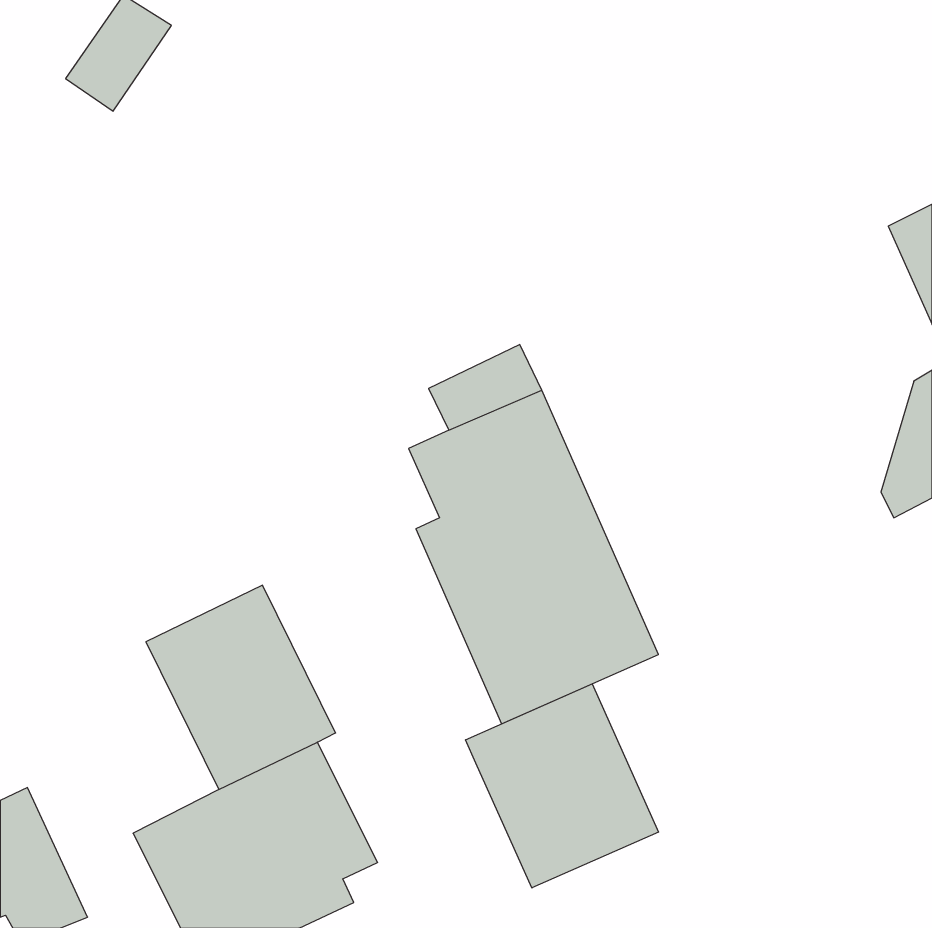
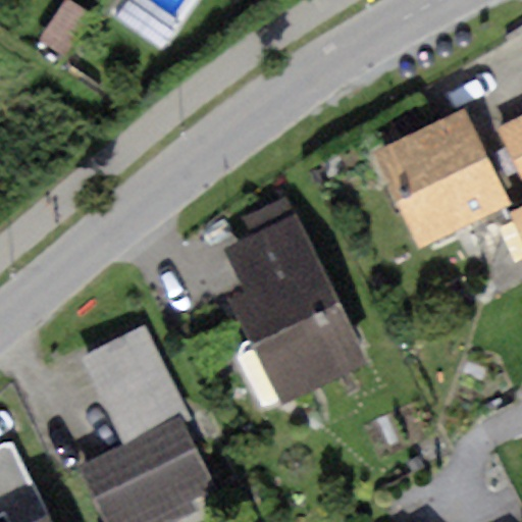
building: none -> [373,112,507,248]
building: [466,684,659,888] -> none

